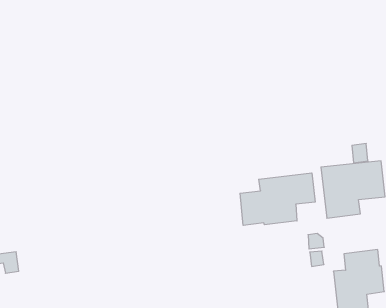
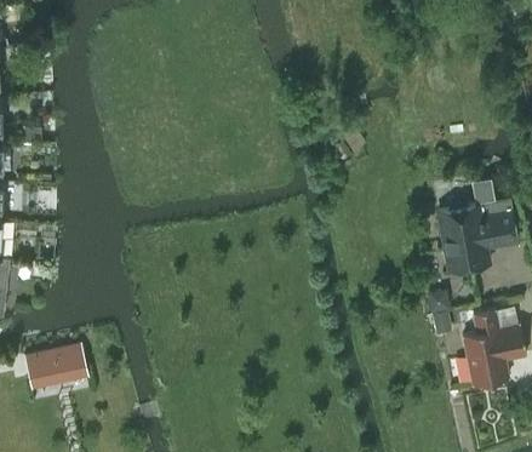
building: [240,173,315,225] -> none

